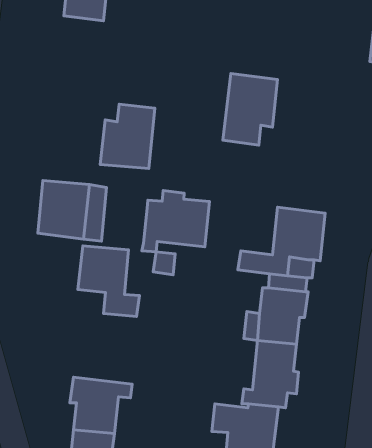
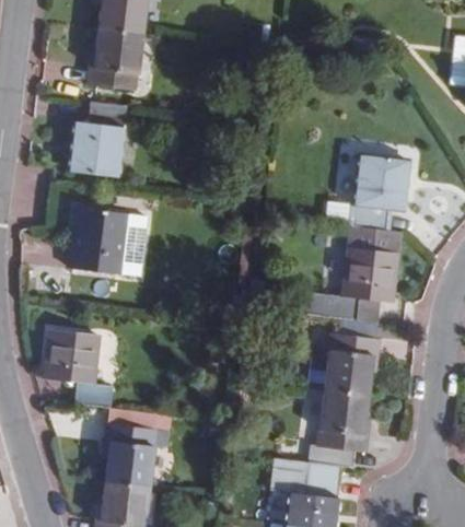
building: none -> [92,32,148,94]
building: [223,74,278,145] -> [341,151,402,230]
building: [100,104,155,169] -> [72,106,132,177]
building: [142,191,210,252] -> none
building: [78,246,139,316] -> [54,336,121,413]

